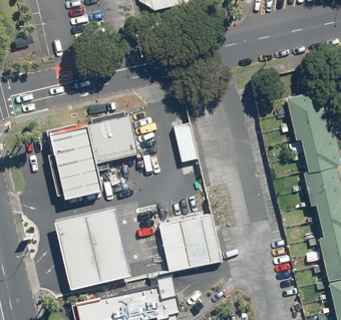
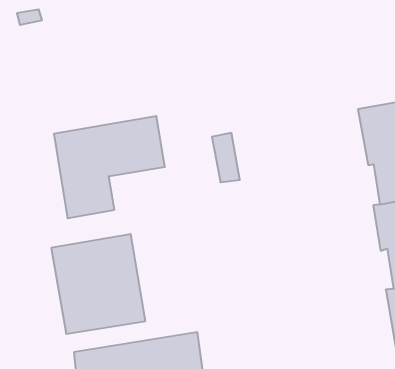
building: [156,213,218,272] -> none

